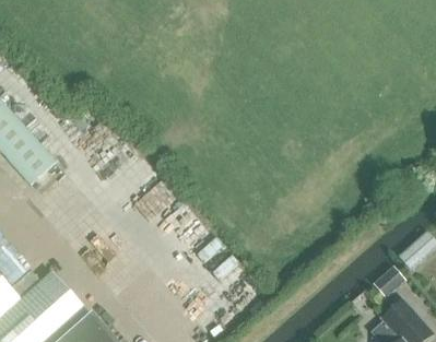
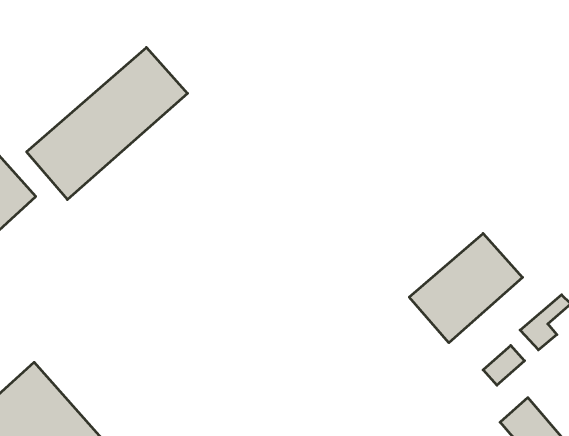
building: none -> [27,47,188,200]
building: none -> [409,233,523,343]

